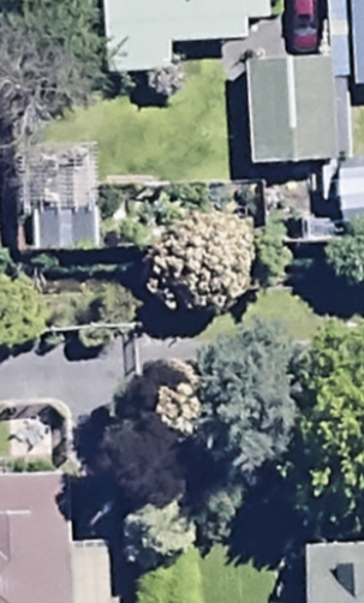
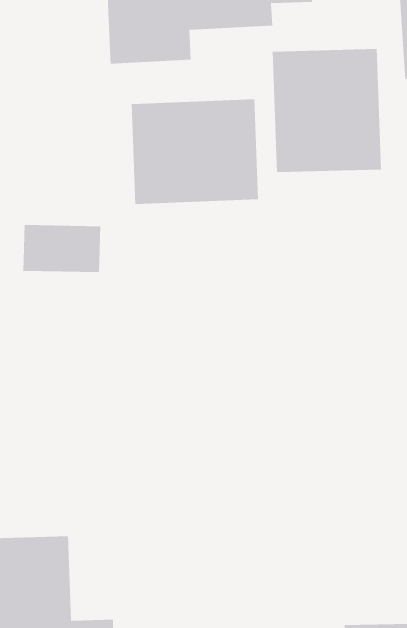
building: none -> [131,98,258,205]

